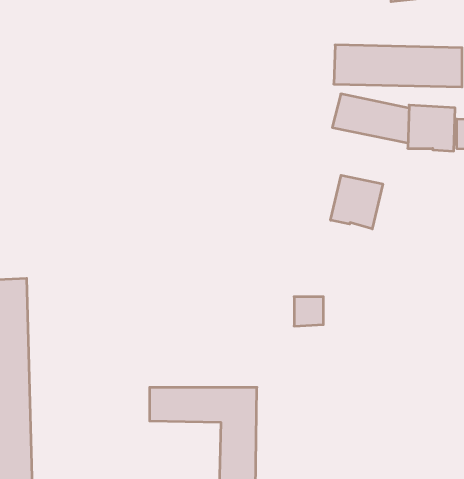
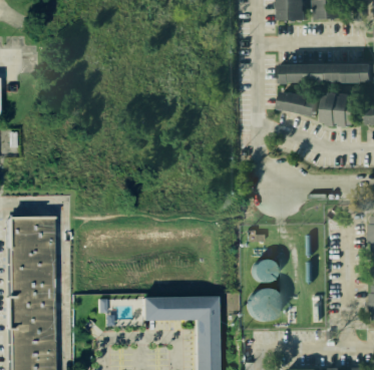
building: [331,175,383,229] -> none
building: [294,297,323,326] -> [257,262,278,283]
building: none -> [251,290,285,323]

